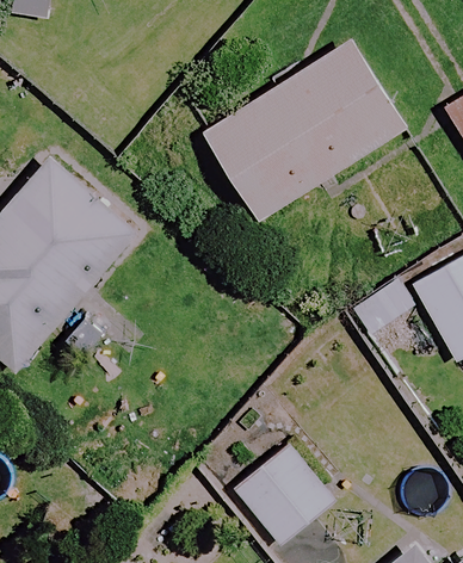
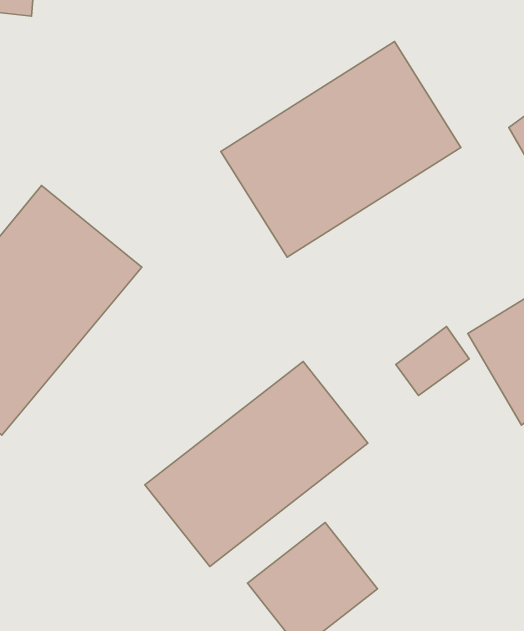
building: none -> [145,361,368,567]

